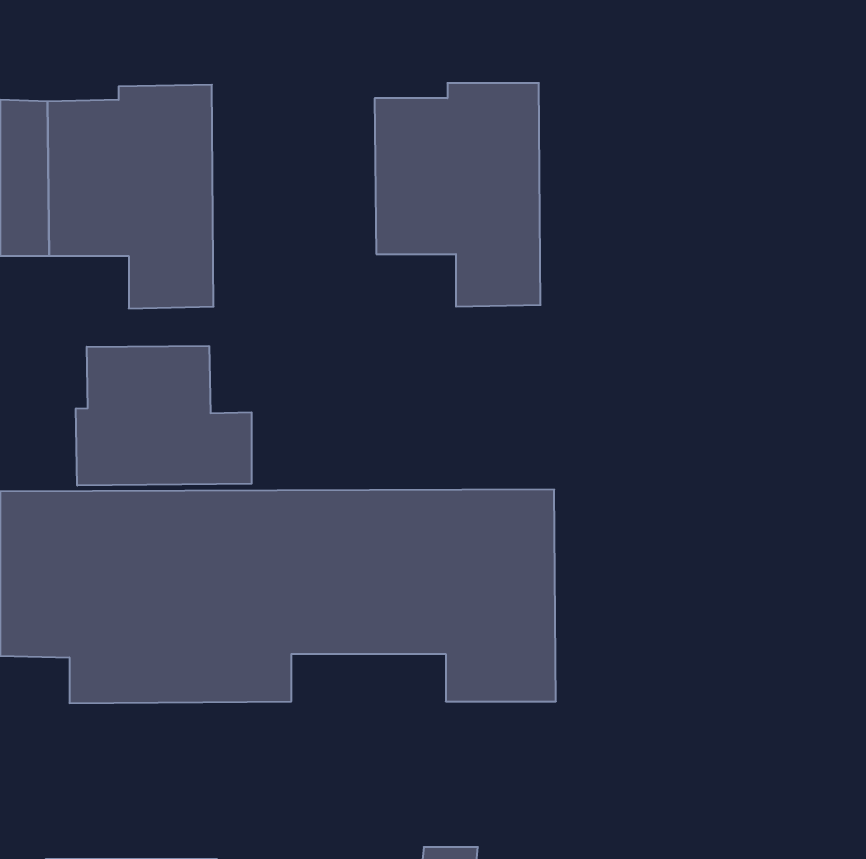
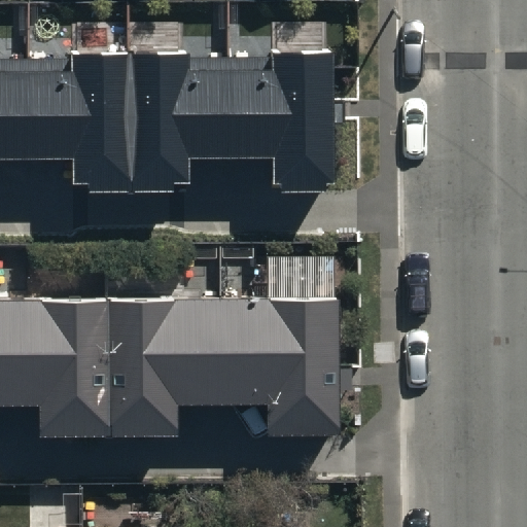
building: none -> [129,56,229,190]
building: [76,346,252,486] -> none

